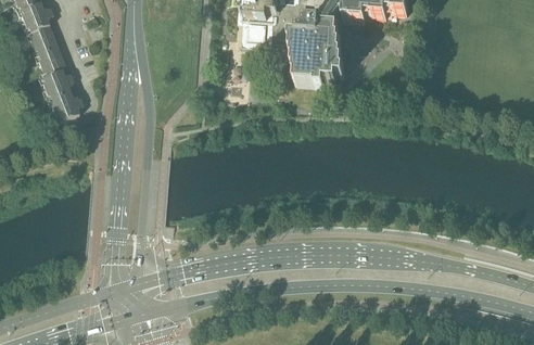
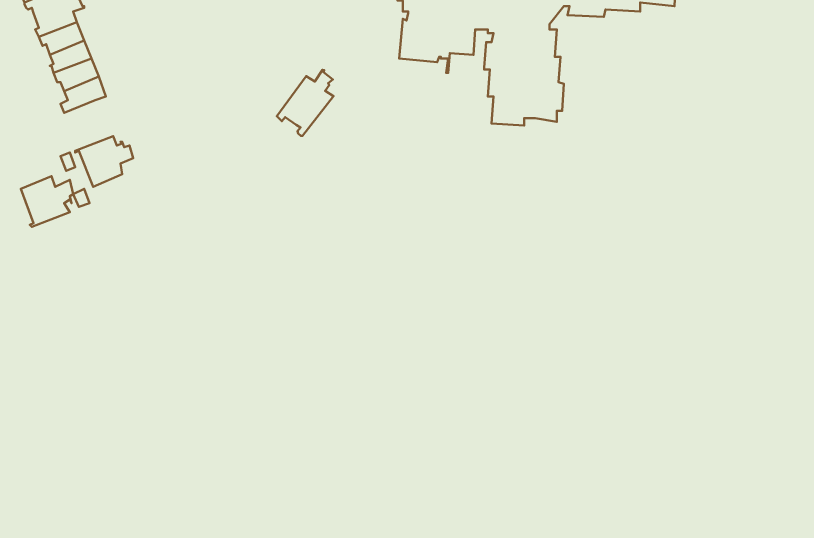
building: none -> [277,70,334,136]
building: [41,69,73,100] -> [21,176,73,227]

